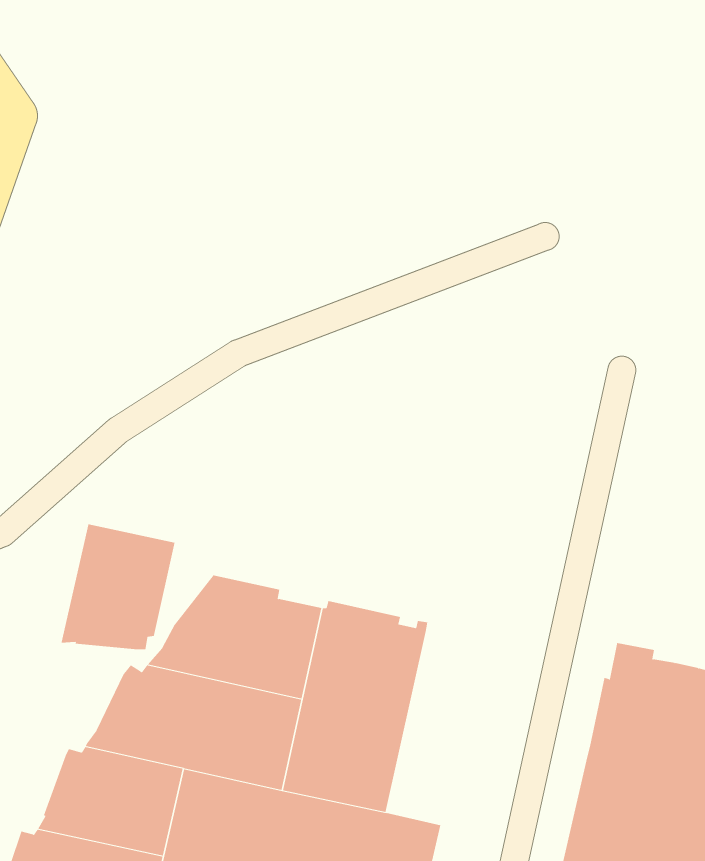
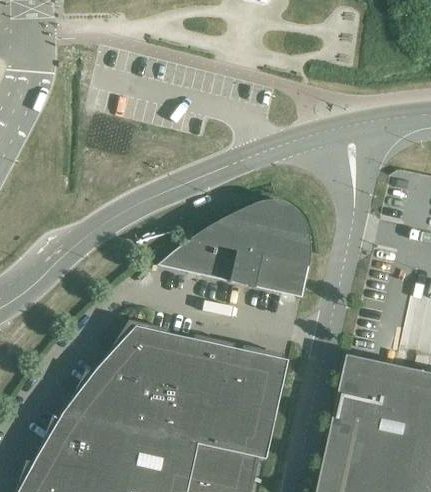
building: none -> [157,201,310,299]
building: [61,523,175,650] -> none
building: none -> [226,348,287,461]

